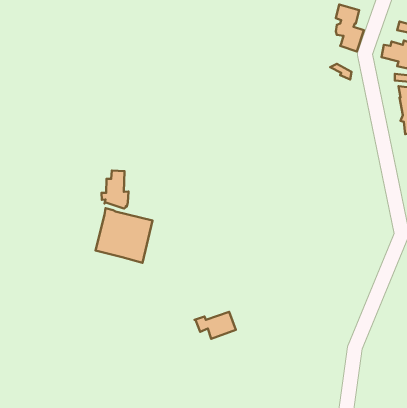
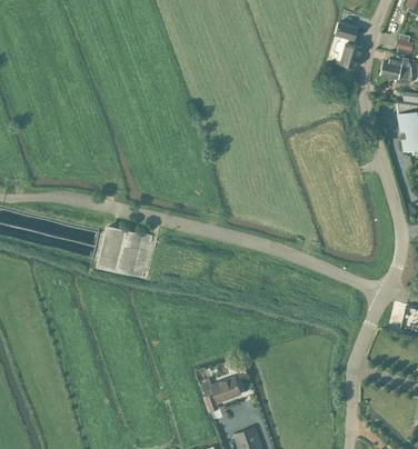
building: [102,171,128,208] -> none
building: [195,312,236,339] -> [200,377,241,403]

